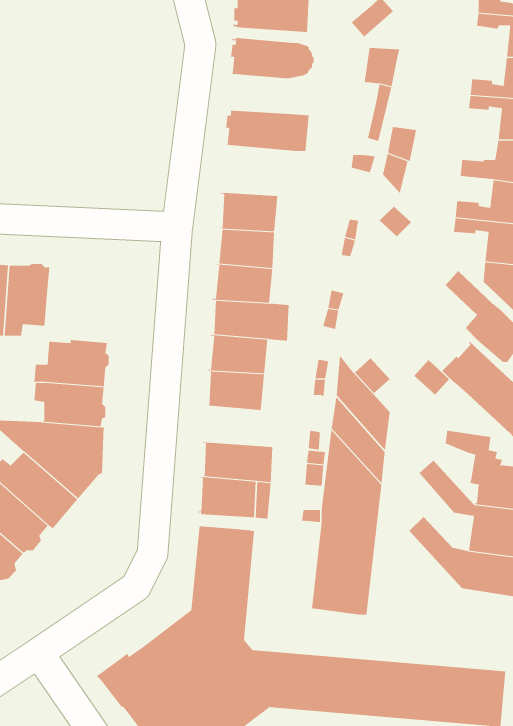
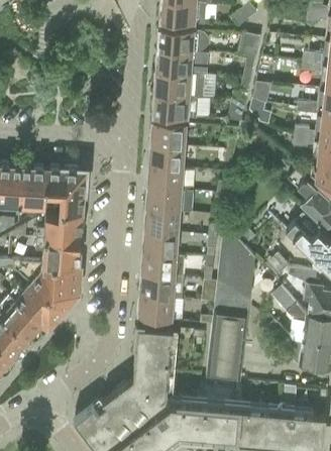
building: none -> [154,50,208,76]
building: none -> [151,94,198,120]
building: none -> [44,167,86,215]
building: none -> [139,253,185,278]

